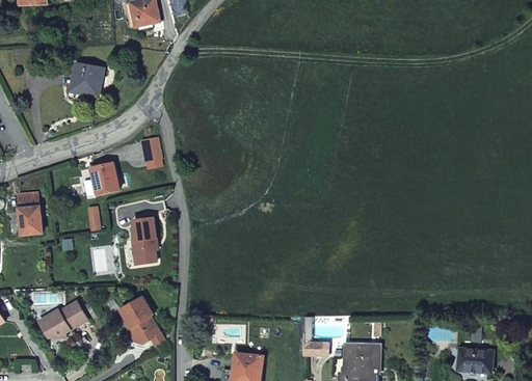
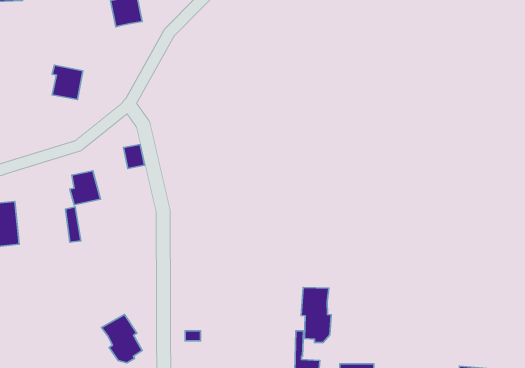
building: [132,218,156,264] -> none
building: none -> [301,287,331,343]
building: [39,301,87,338] -> none

